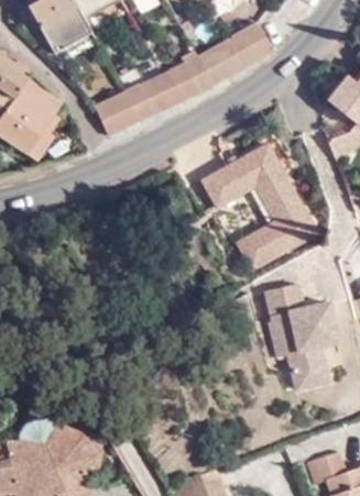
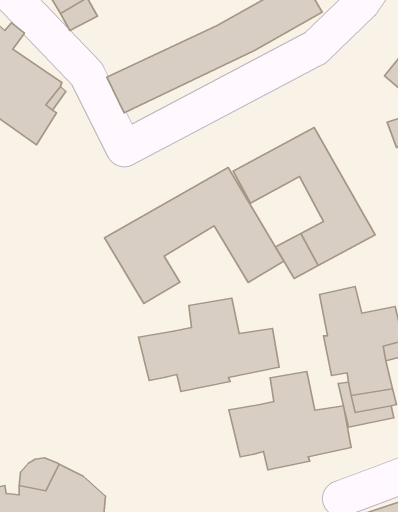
building: none -> [104,167,284,303]
building: none -> [139,298,279,391]
building: none -> [229,372,351,470]

